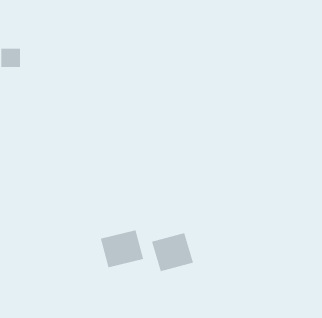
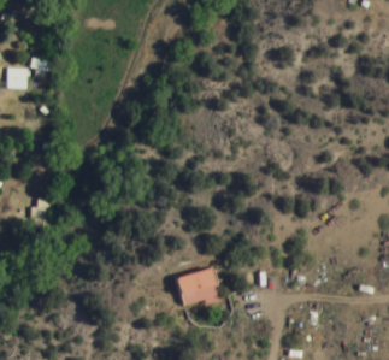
building: [100,230,144,268] -> none

